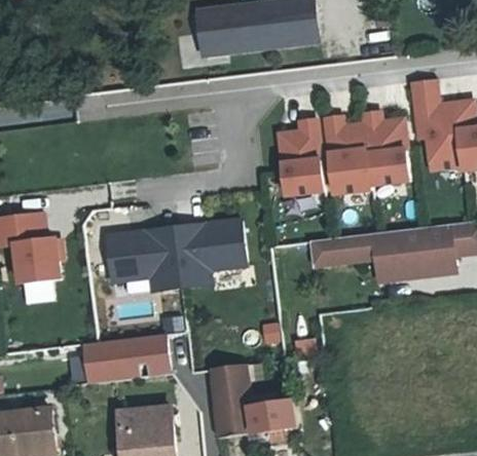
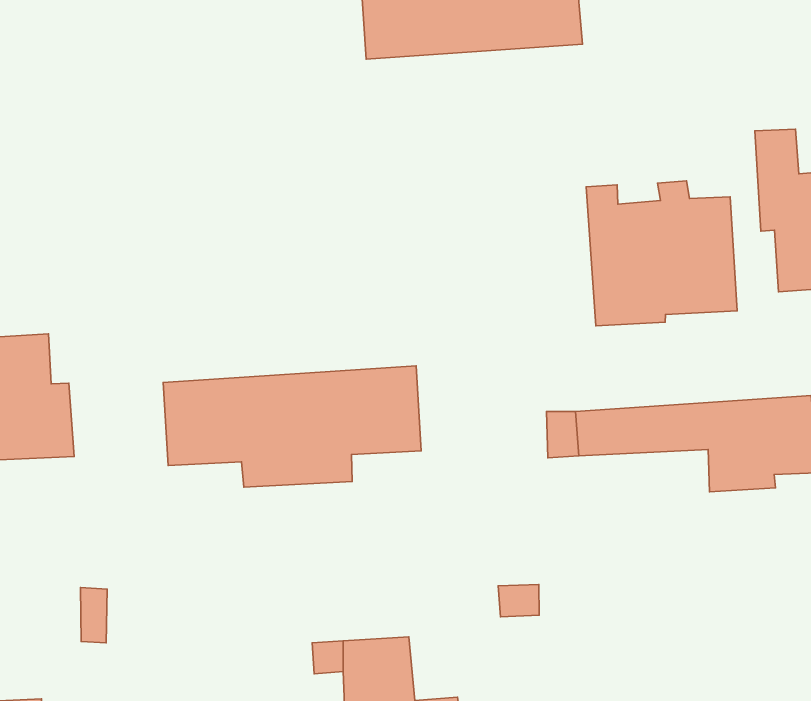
building: [279,120,325,195] -> none
building: [83,335,170,380] -> none

